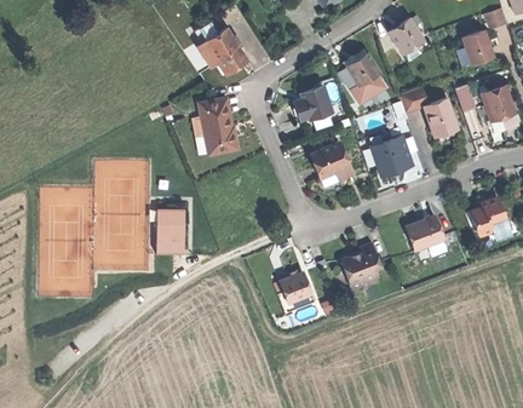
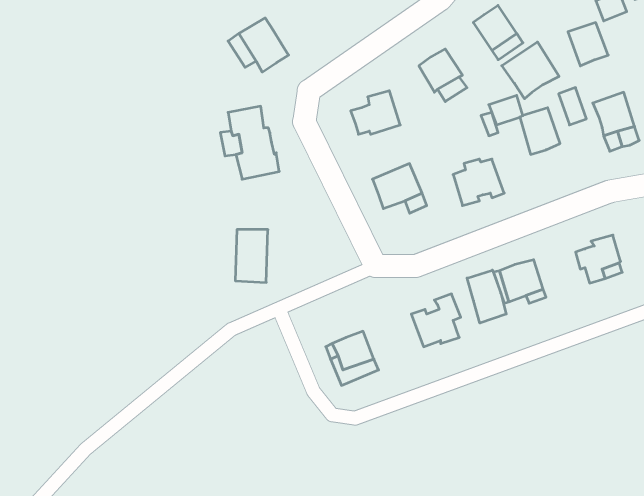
building: none -> [502,42,559,99]
building: [156,209,182,251] -> [235,230,268,282]
building: none -> [467,270,506,323]

